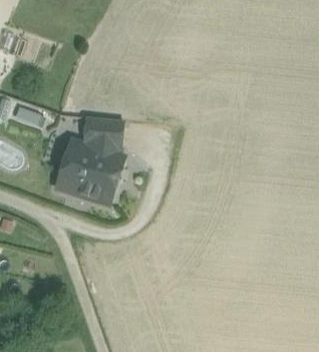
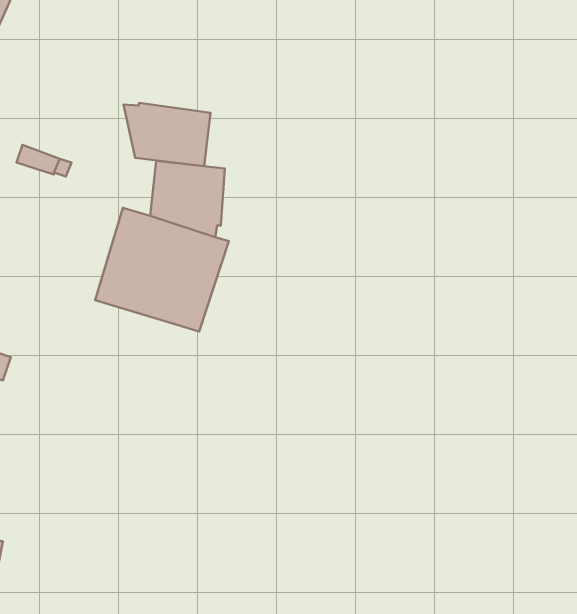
building: none -> [123,103,210,166]

